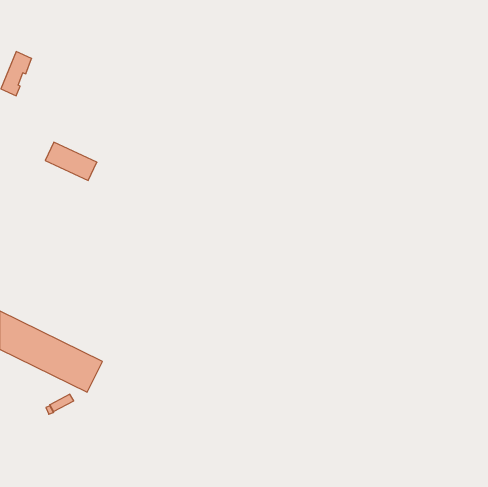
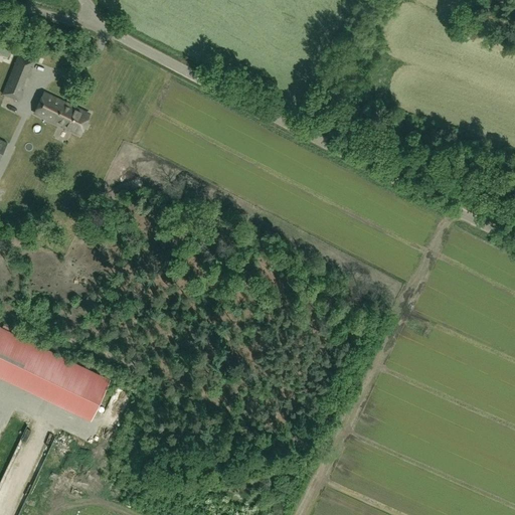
building: [45,142,97,180] -> [34,96,89,136]

